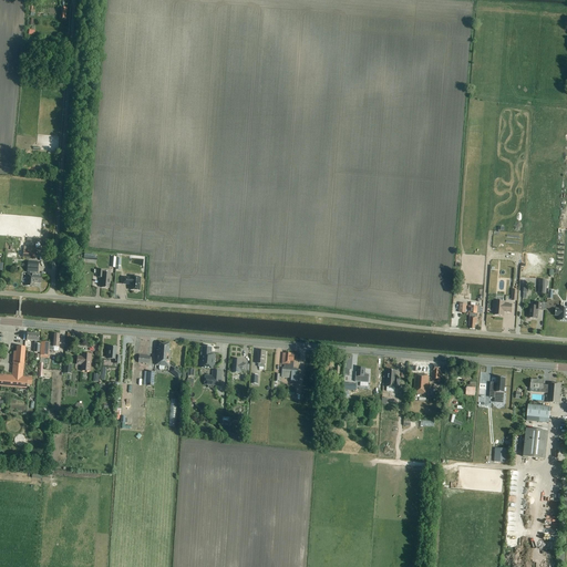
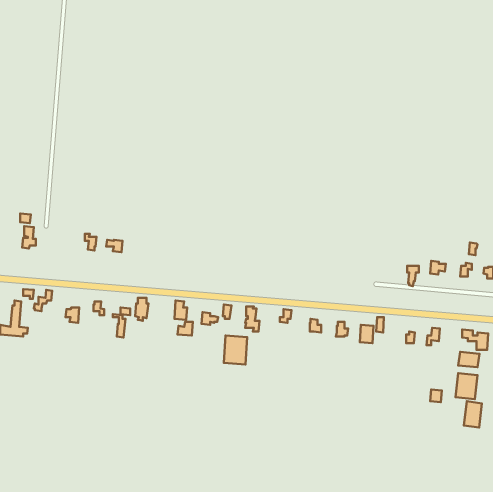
building: none -> [224,336,247,364]
building: none -> [464,401,482,428]

